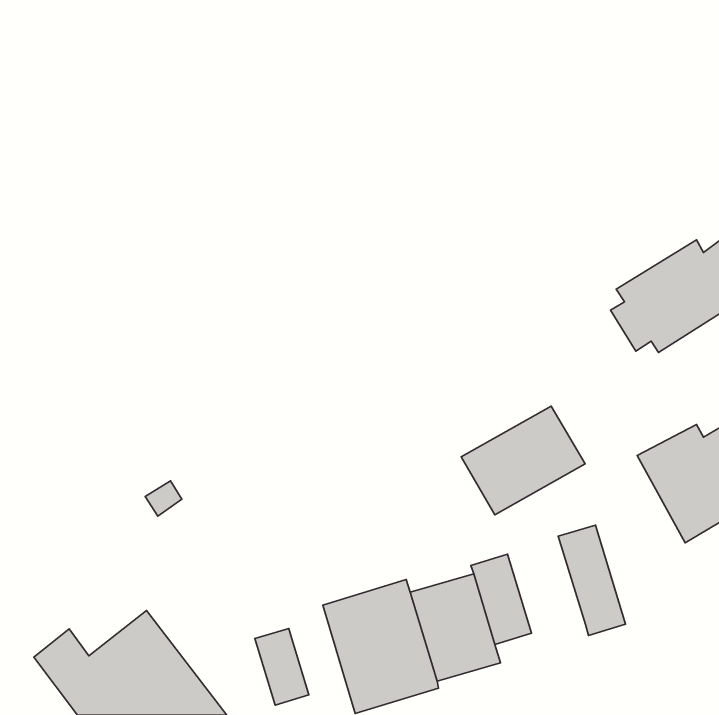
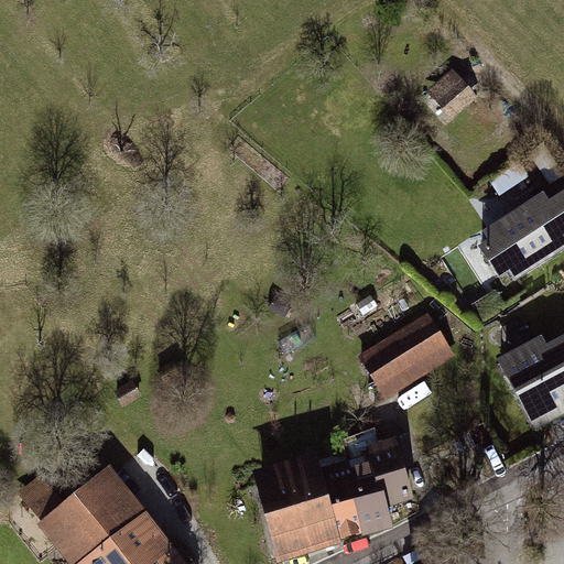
building: none -> [429,65,479,116]
building: [558,525,626,635] -> none
building: [255,628,309,705] -> none

